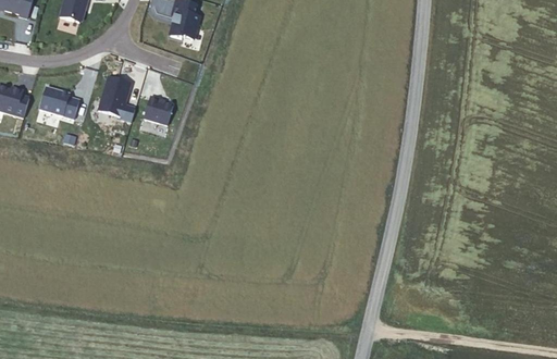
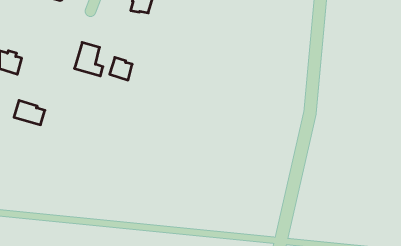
building: [38,87,78,119] -> [14,100,45,125]

